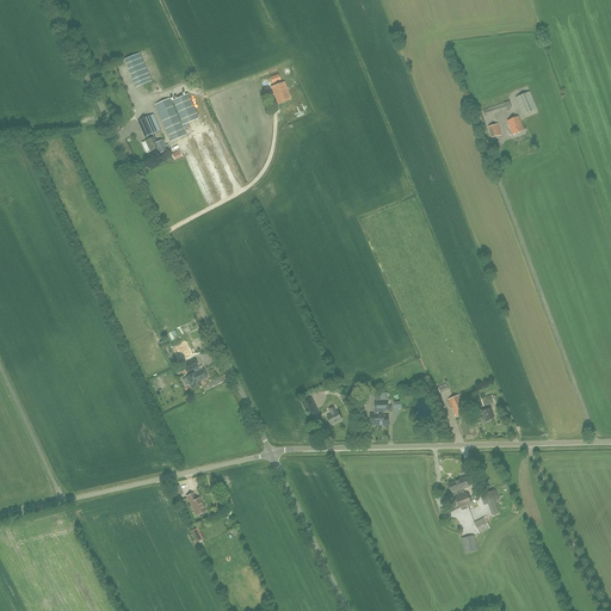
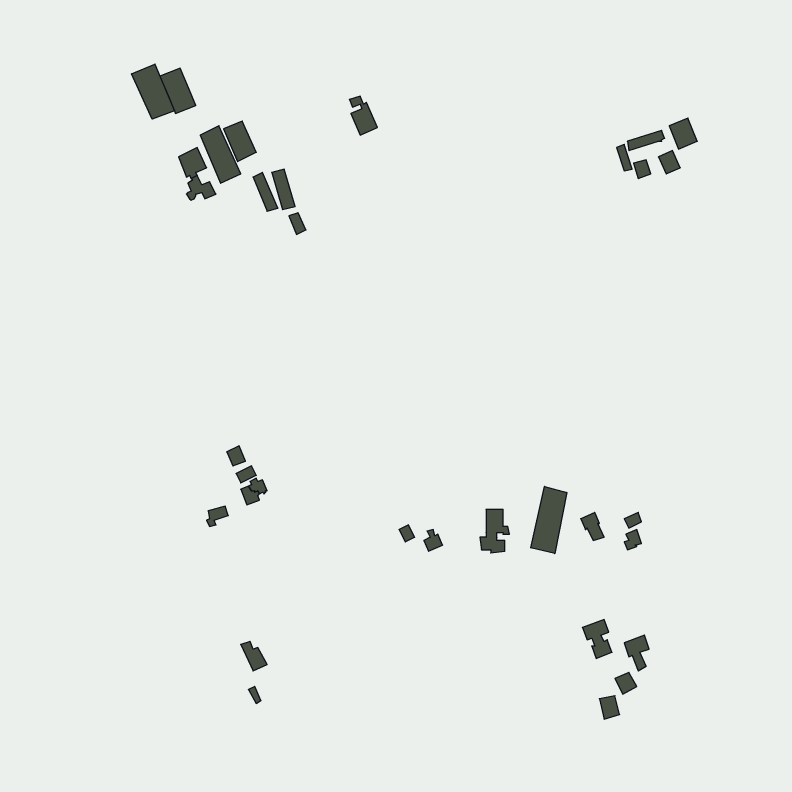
building: none -> [132,64,174,119]
building: none -> [531,486,567,554]

